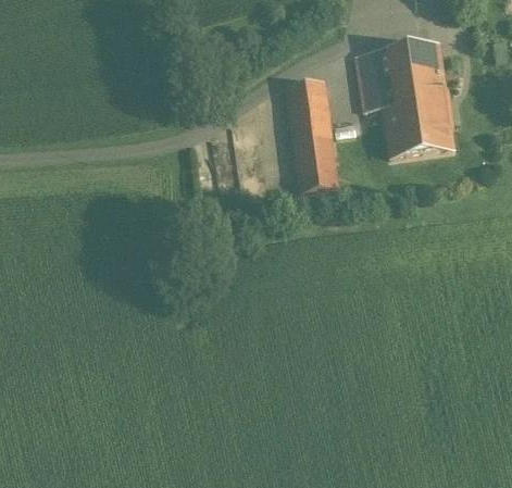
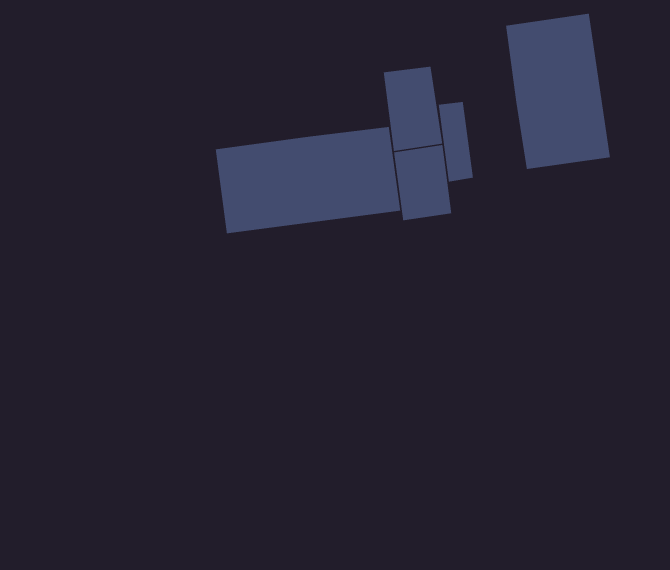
building: [358,49,384,108] -> [438,101,474,183]
building: none -> [215,126,401,234]

